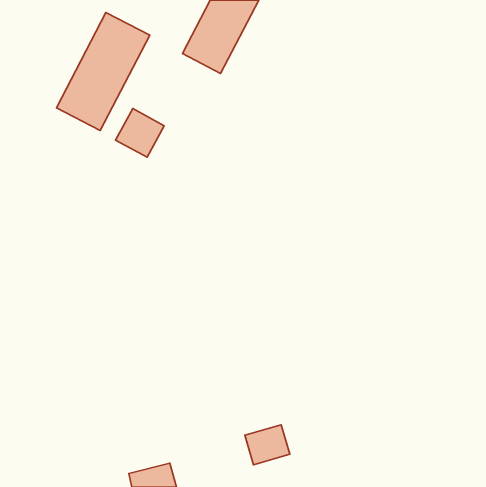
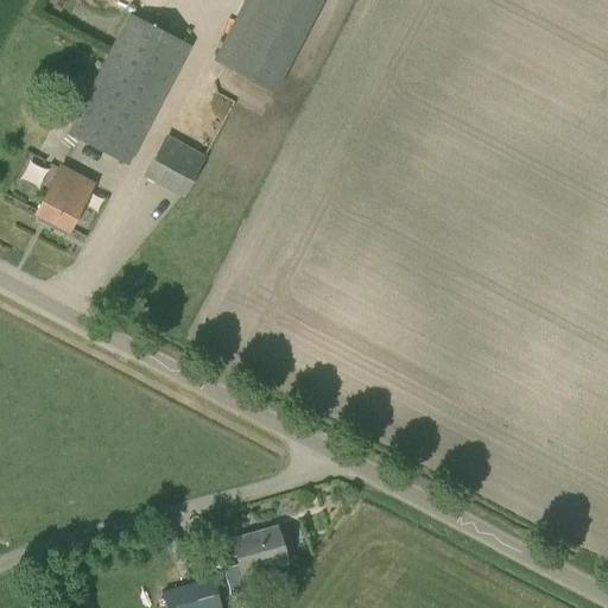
building: none -> [37,166,94,230]
building: [245,425,290,465] -> [233,526,289,576]

